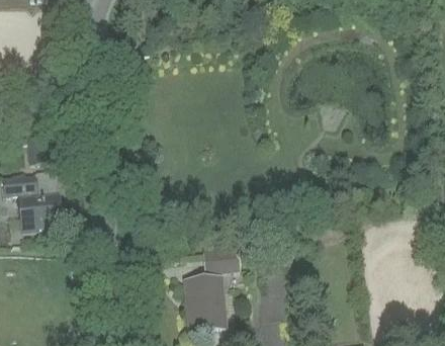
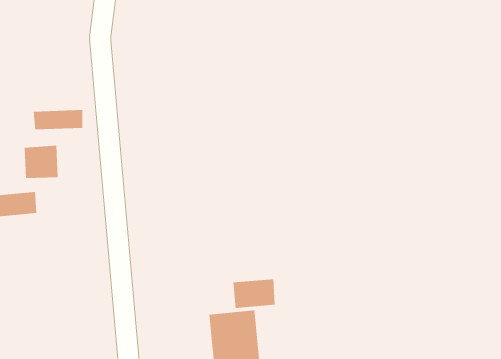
building: none -> [33,109,83,130]
building: [21,194,64,233] -> none

